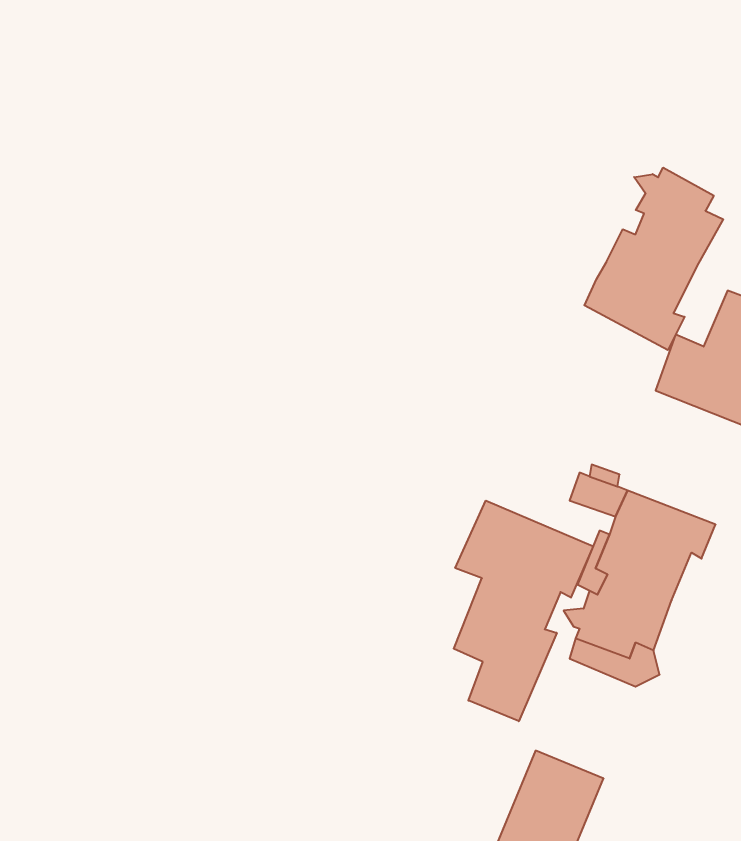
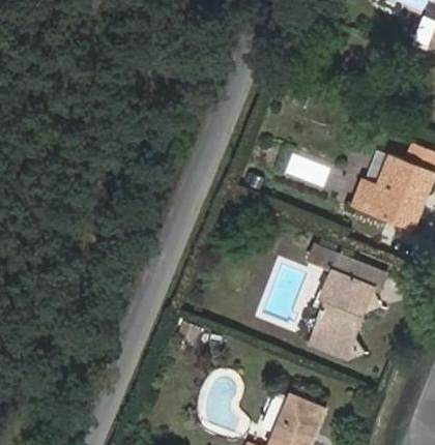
building: [584,168,723,350] -> none
building: [454,501,593,721] -> none

